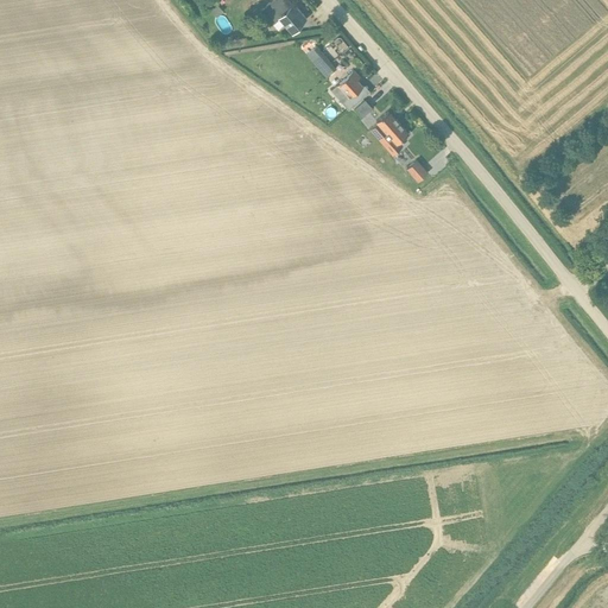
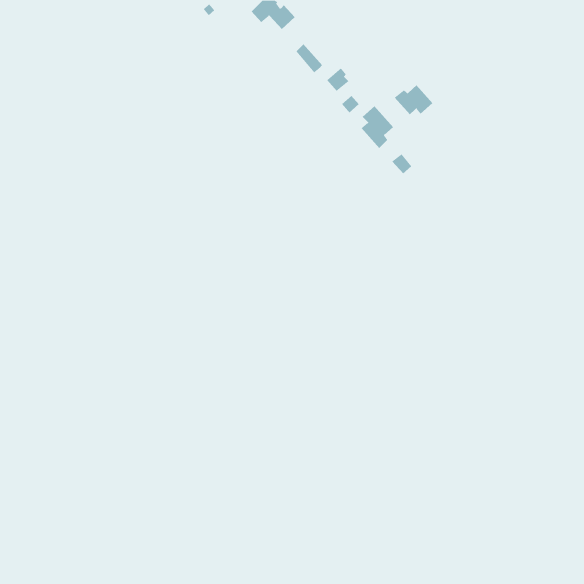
building: none -> [394,85,433,115]

